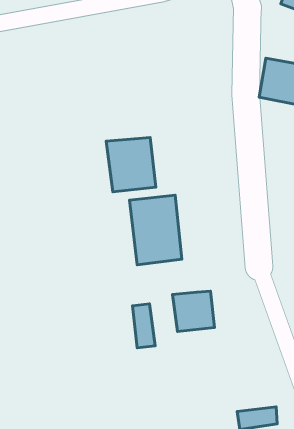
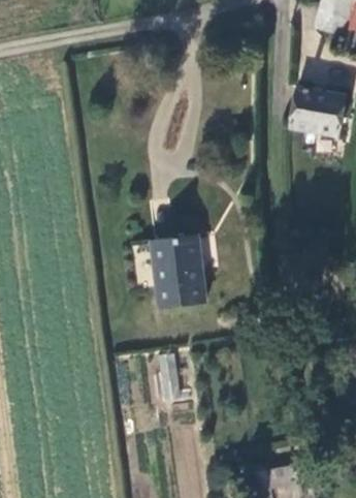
building: [106,138,156,192] -> none
building: [173,291,215,331] -> none

